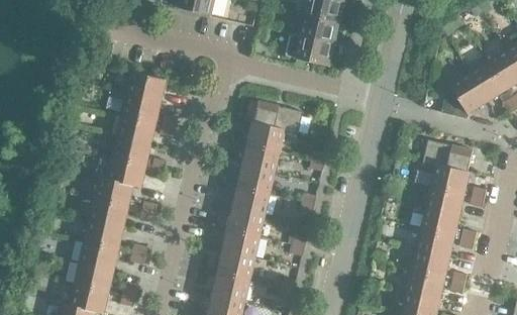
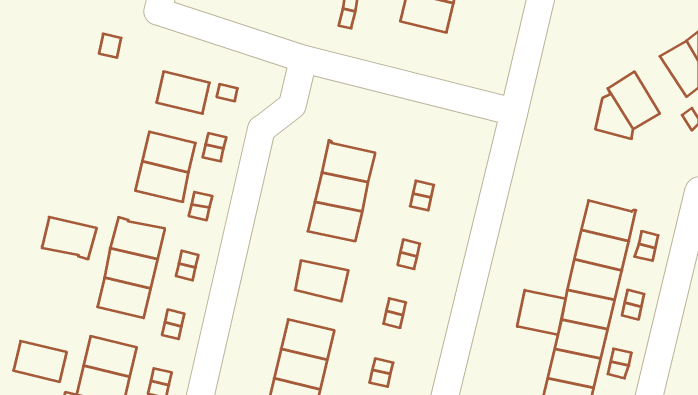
building: [286,32,341,65] -> none
building: [470,60,507,101] -> none
building: [120,93,159,122] -> none
building: [251,100,301,133] -> none
building: [423,138,473,172] -> none
building: [105,156,144,187] -> [42,217,97,259]
building: [229,186,269,214] -> none
building: [220,228,258,257] -> none
building: none -> [517,290,565,335]
building: [78,240,116,270] -> [13,341,67,382]

